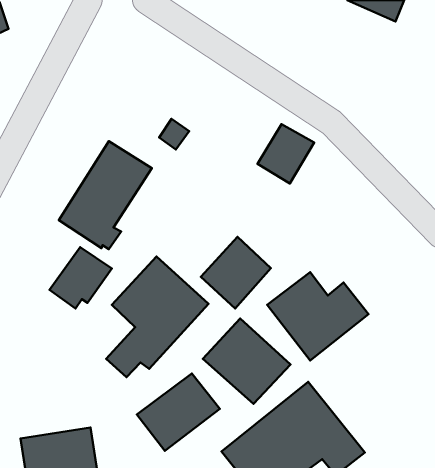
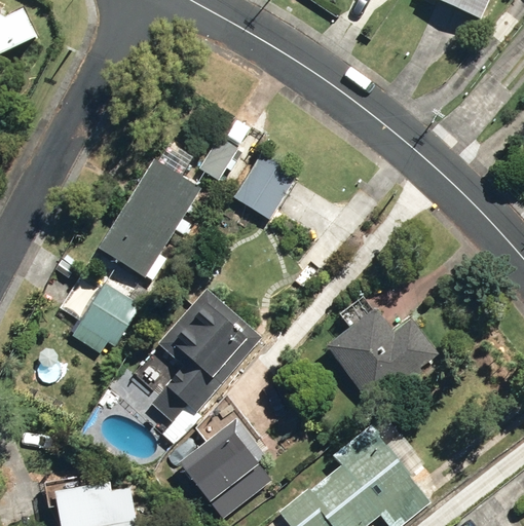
building: [257,124,314,184] -> [234,155,297,221]
building: [201,237,271,308] -> none
building: [203,318,290,404] -> none

